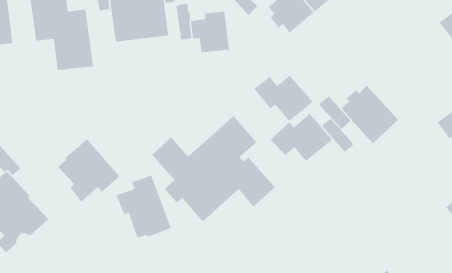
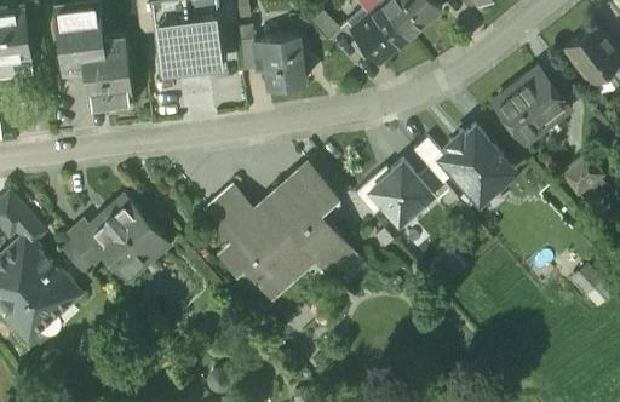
building: none -> [495,69,568,142]
building: [253,75,314,122] -> none
building: none -> [67,220,109,265]
building: [116,175,171,238] -> none

